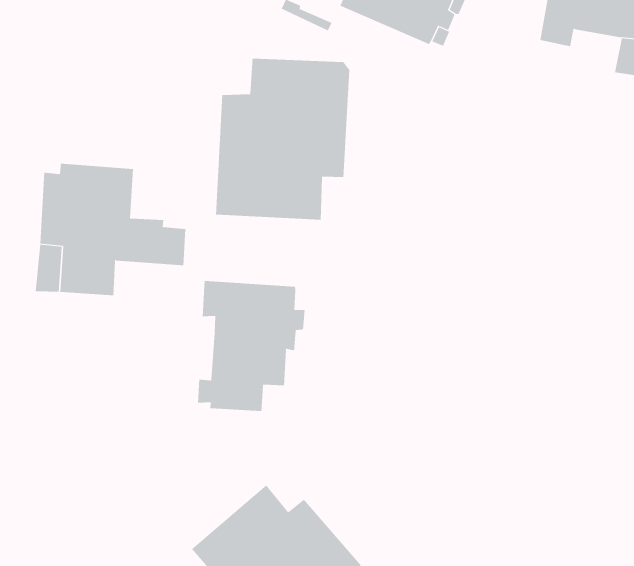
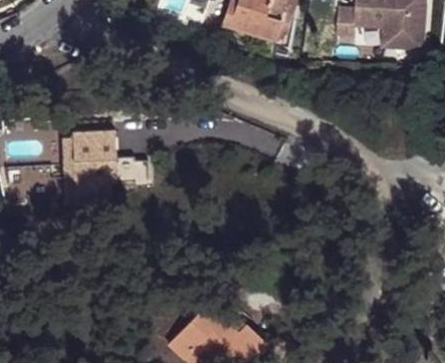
building: [215,58,350,221] -> none
building: [198,280,305,412] -> none

